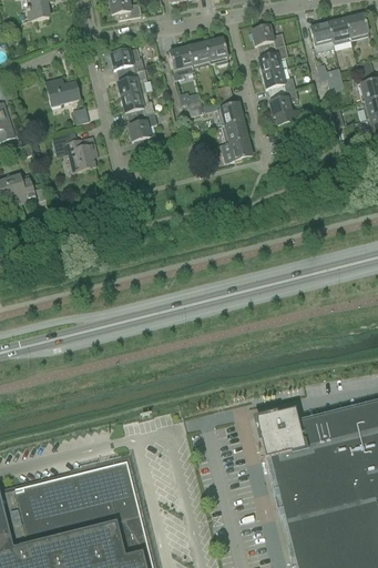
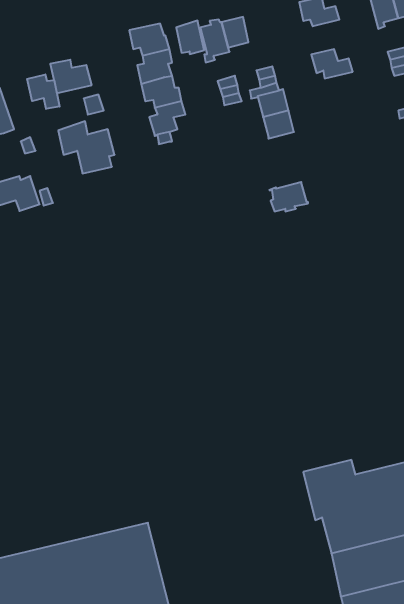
building: [205,37,228,64] -> [176,21,204,54]
building: [258,44,287,73] -> none
building: [269,88,299,124] -> none
building: none -> [27,74,60,109]
building: [221,138,253,162] -> [269,182,308,211]

